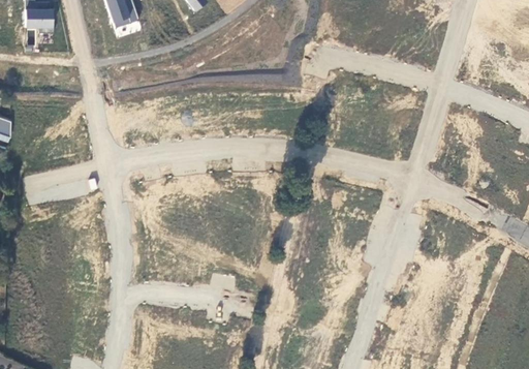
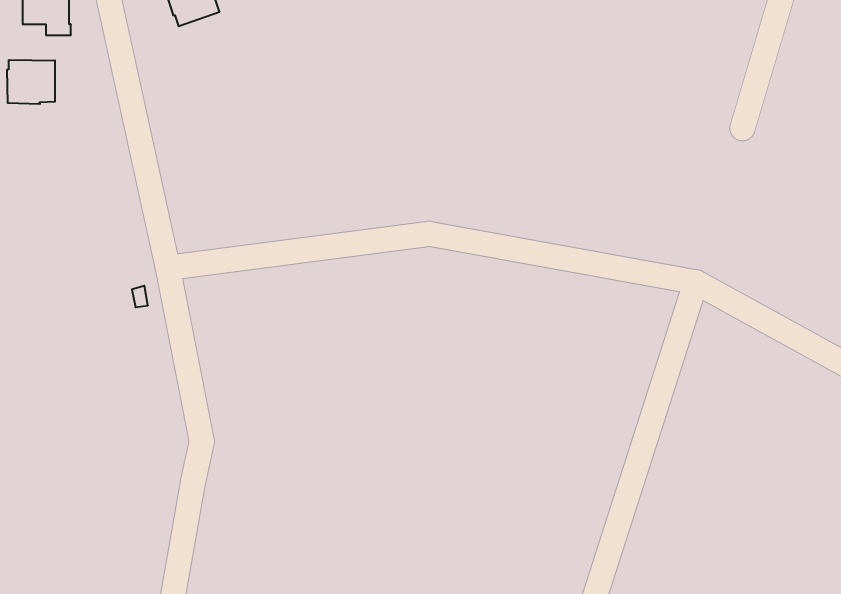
building: none -> [7,60,55,104]

